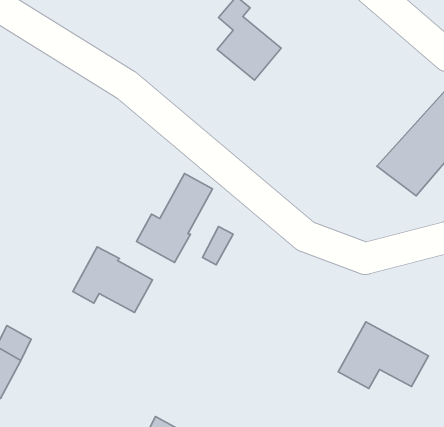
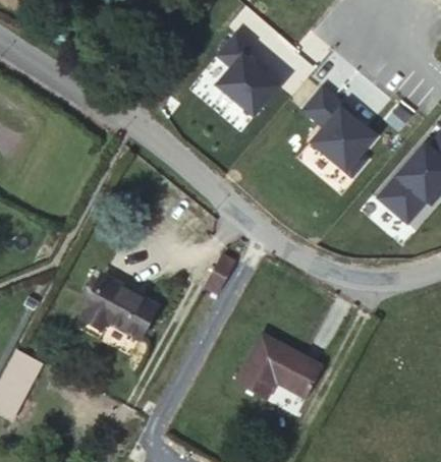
building: none -> [302,89,377,170]
building: [136,173,213,262] -> none
building: [338,322,428,389] -> [235,336,322,400]

